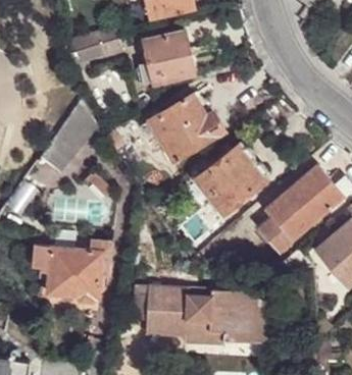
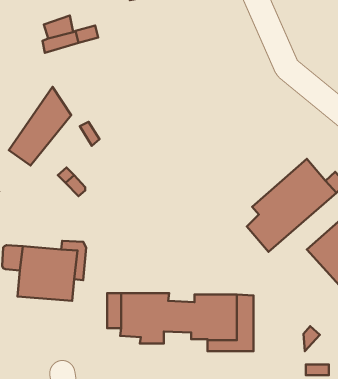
building: [144,32,193,83] -> none
building: [150,94,223,160] -> none
building: [196,144,268,214] -> none

